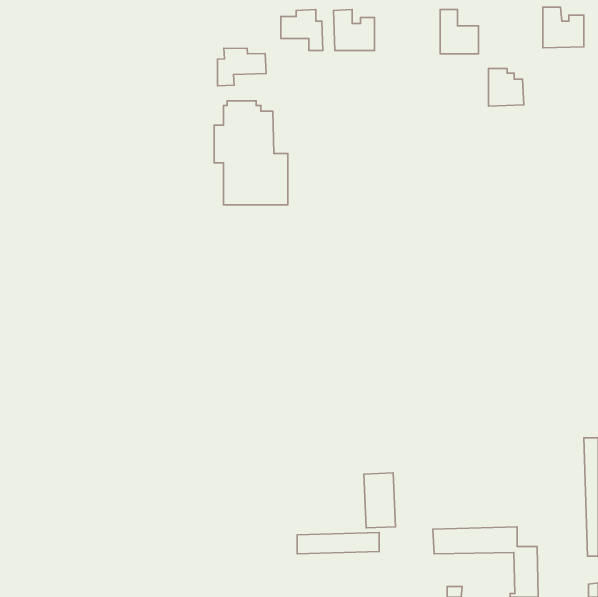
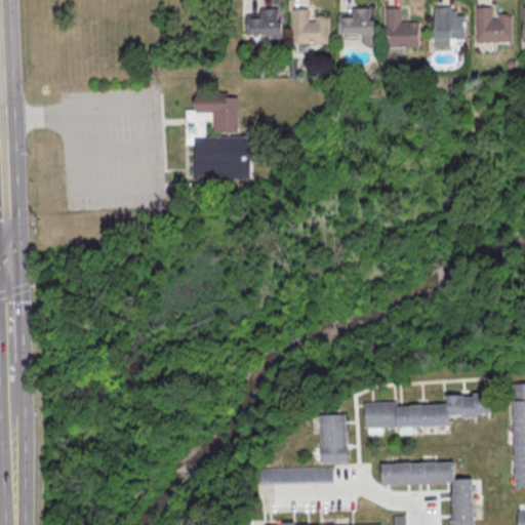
building: none -> [338,7,375,43]
building: [218,48,266,86] -> none
building: [489,69,524,106] -> [435,6,466,39]
building: none -> [364,393,489,429]

